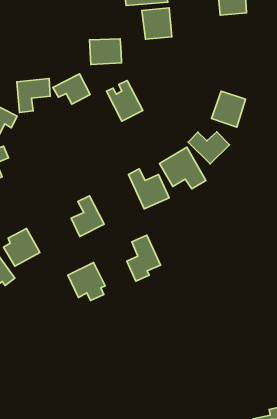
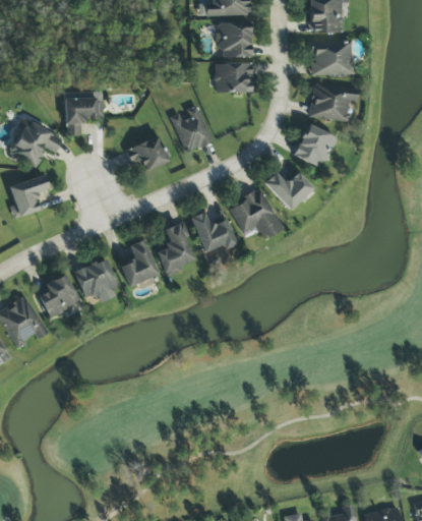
building: none -> [311,40,353,75]
building: [89,39,122,65] -> [216,62,252,92]
building: none -> [309,82,358,121]
building: [53,74,90,104] -> [125,135,169,171]
building: [127,235,161,281] -> [157,222,196,276]
building: [68,263,105,300] -> [74,257,118,302]

